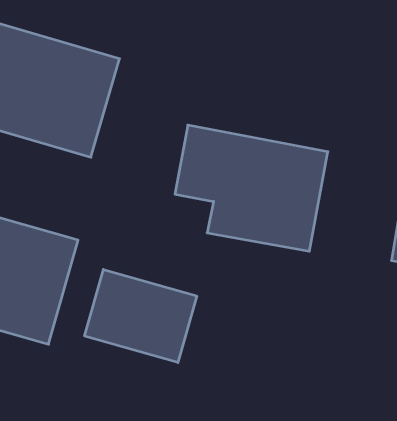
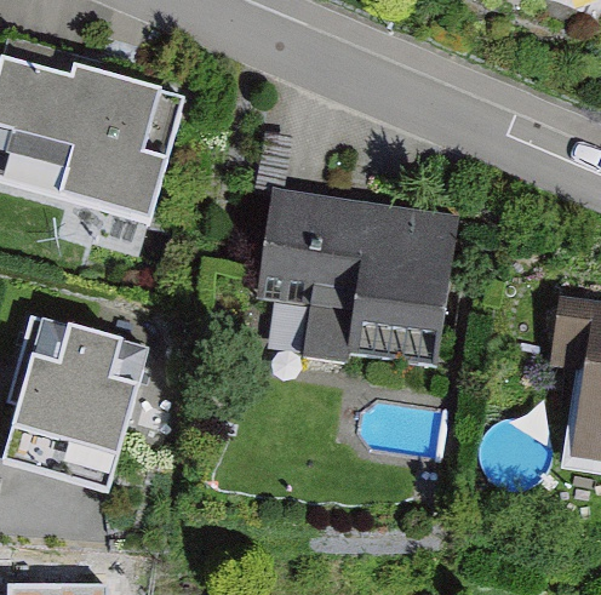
building: [85,269,197,363] -> none

